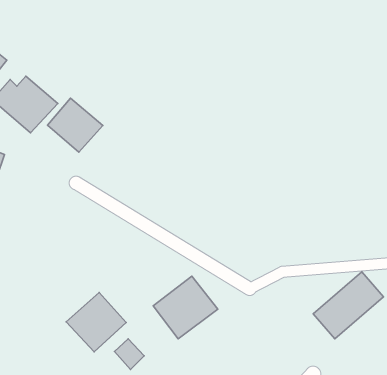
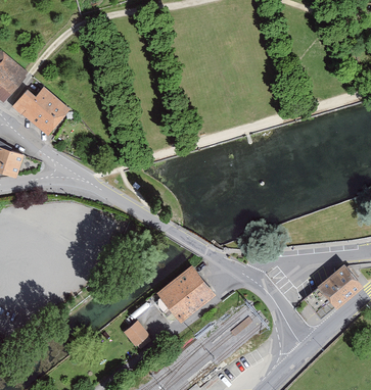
building: [47,98,103,152] -> none
building: [66,293,126,352] -> none

